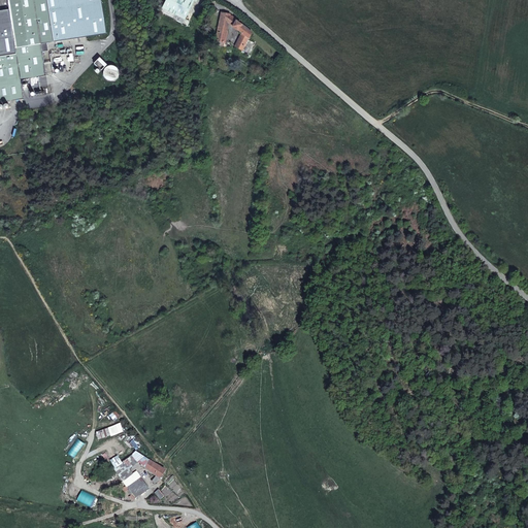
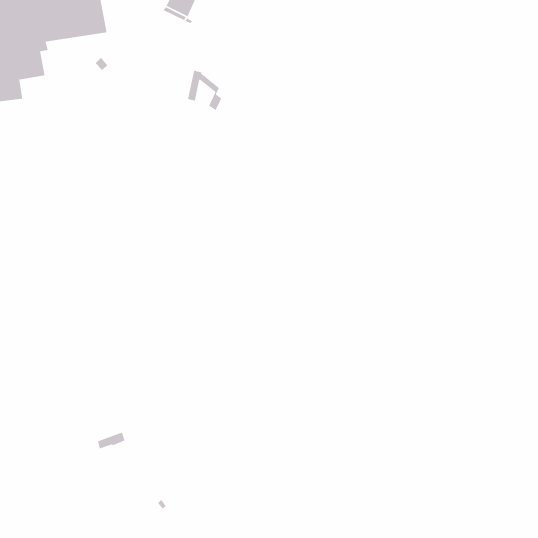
building: [216,11,250,52] -> [187,70,222,111]
building: [112,450,165,497] -> none

